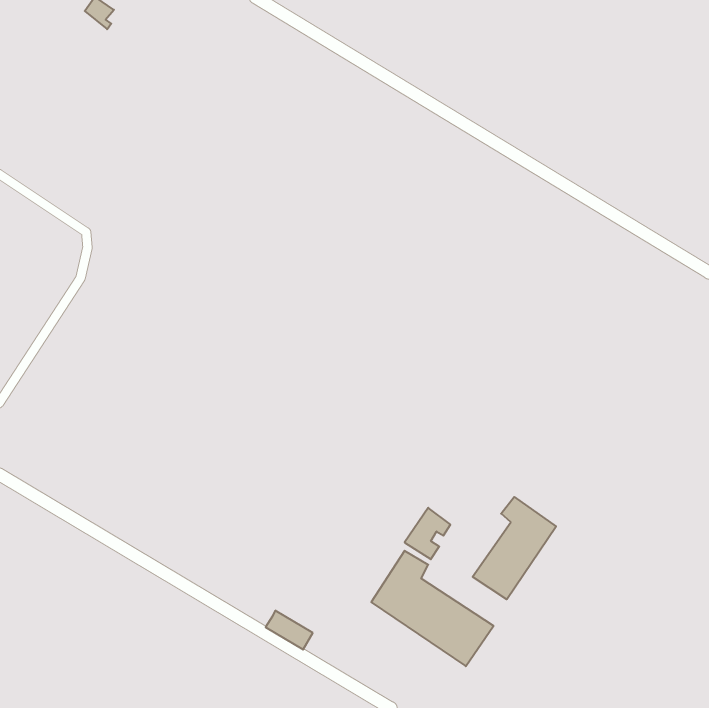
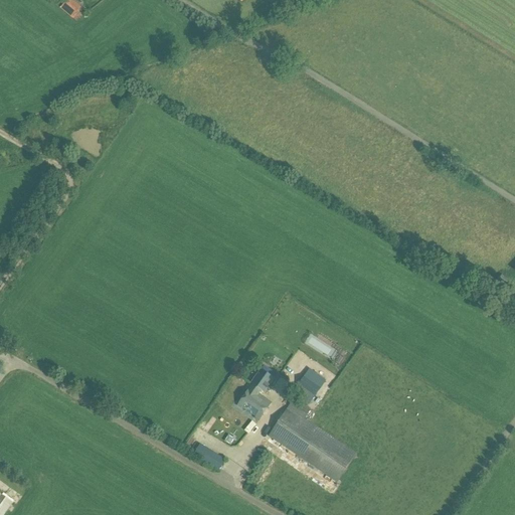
building: [473,497,556,599] -> none
building: none -> [237,368,274,419]

